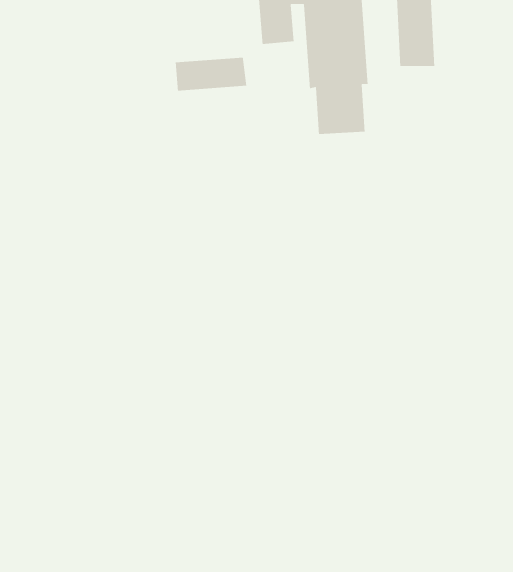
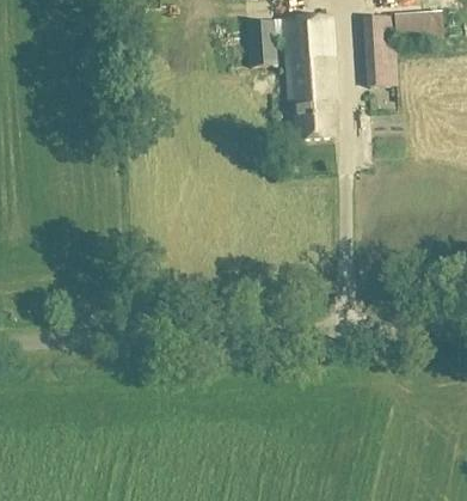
building: [175,57,247,92] -> none

